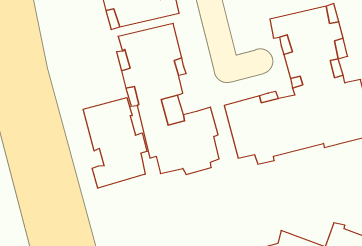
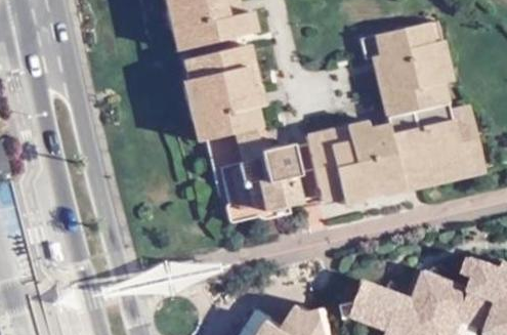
building: [83,98,147,188] -> none

